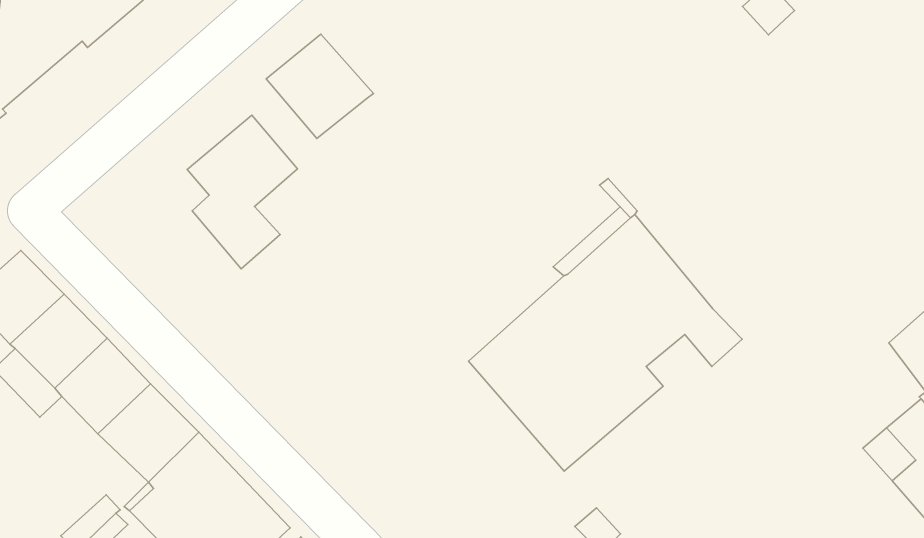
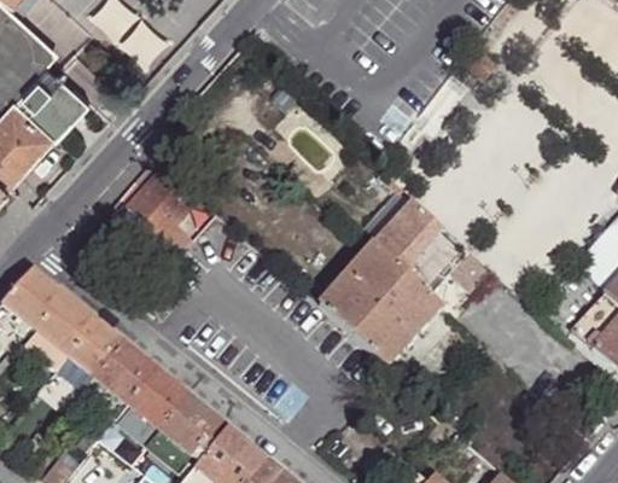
building: [266,34,374,139] -> none

